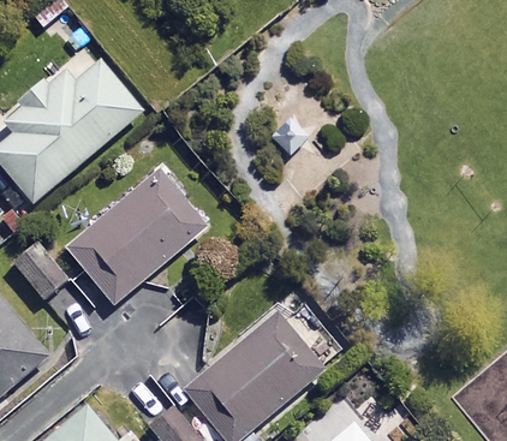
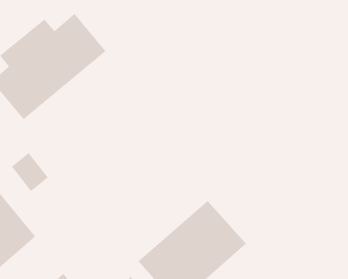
building: [68,172,205,302] -> none

